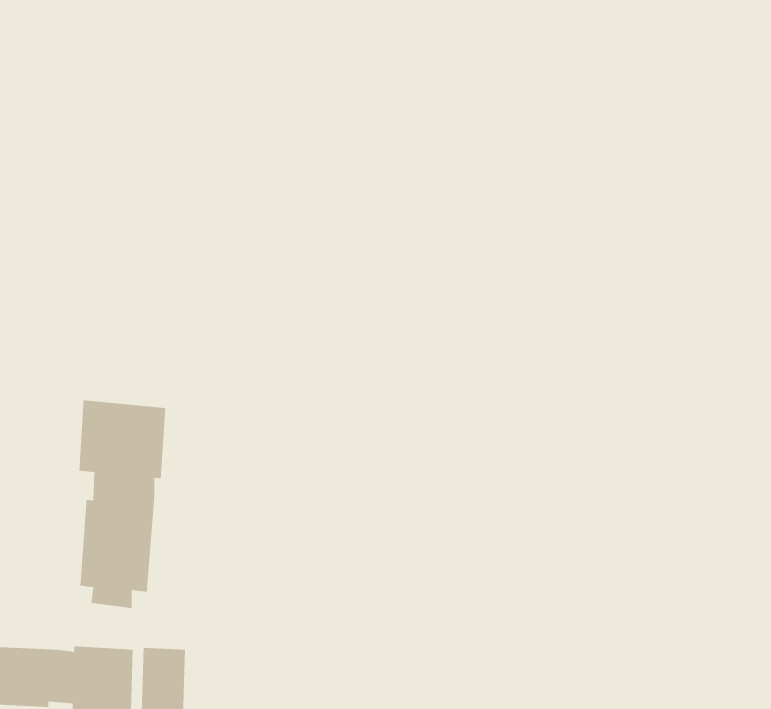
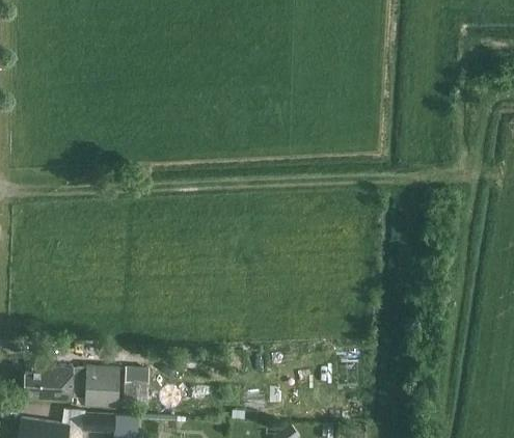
building: [79,399,166,609] -> none

